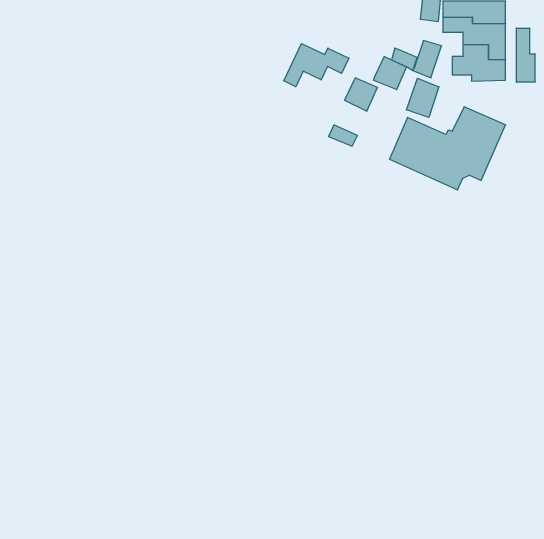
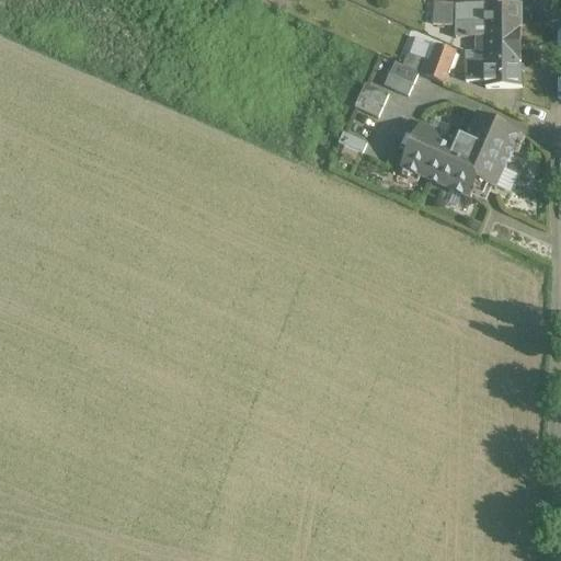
building: [516,28,535,82] -> none
building: [284,44,349,87] -> none
building: [406,78,439,117] -> none

